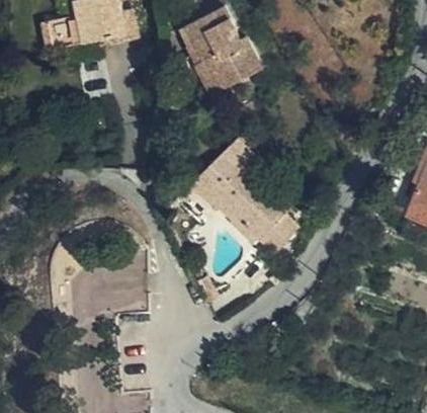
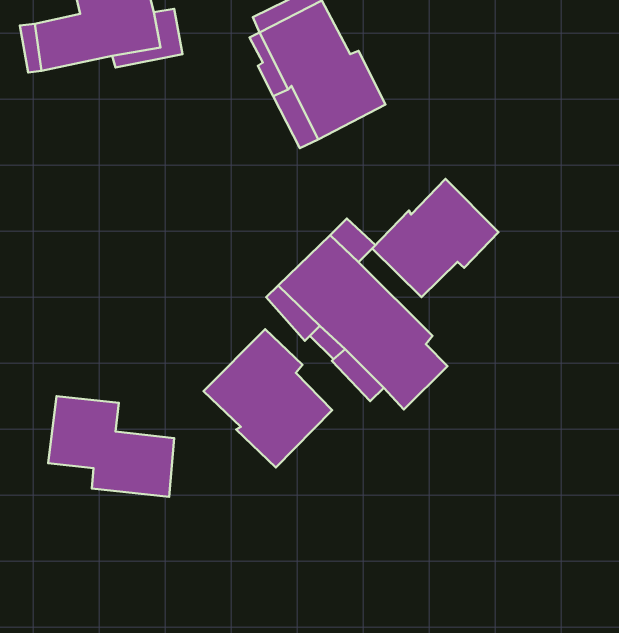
building: none -> [372,179,499,297]
building: none -> [203,329,332,467]

